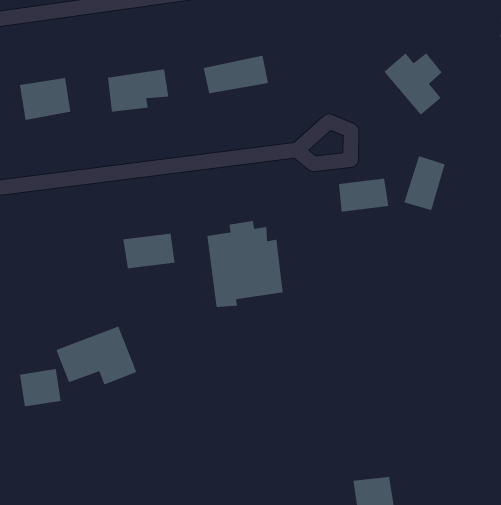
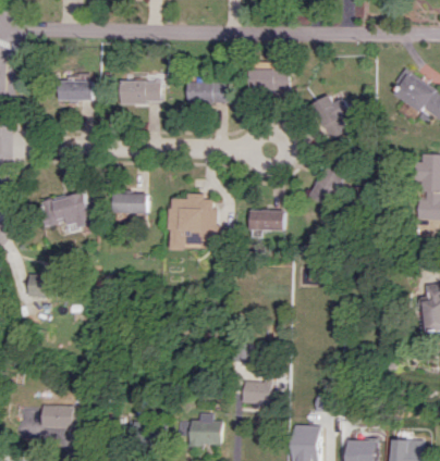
building: none -> [245,68,288,92]
building: [338,178,389,212] -> [249,210,283,230]
building: [56,326,137,385] -> [37,191,90,230]

